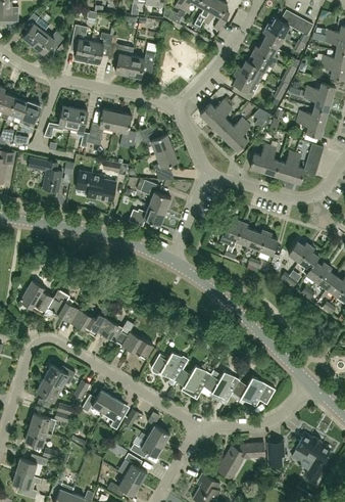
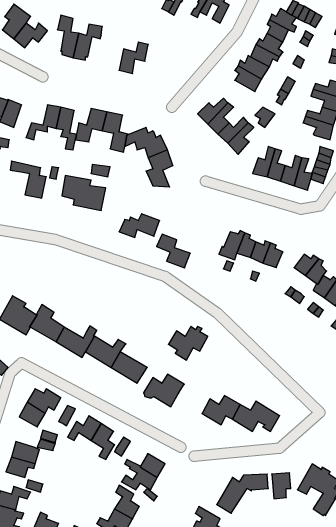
building: [109,43,133,75] -> none
building: [140,181,170,212] -> [157,234,190,268]
building: [176,365,211,396] -> [168,326,208,360]

